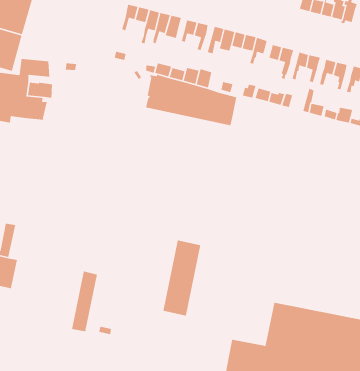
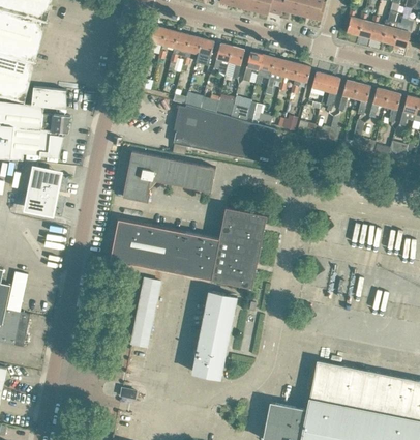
building: none -> [122,151,215,201]
building: none -> [27,169,58,212]
building: none -> [110,207,266,288]
building: [71,271,98,332] -> [130,277,160,347]

